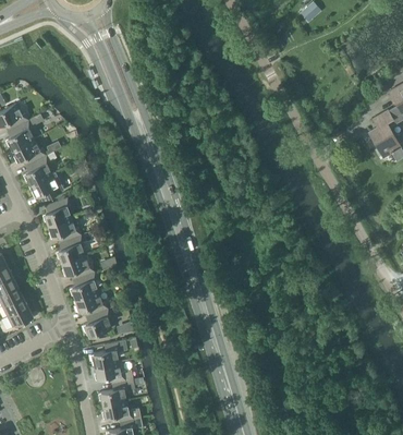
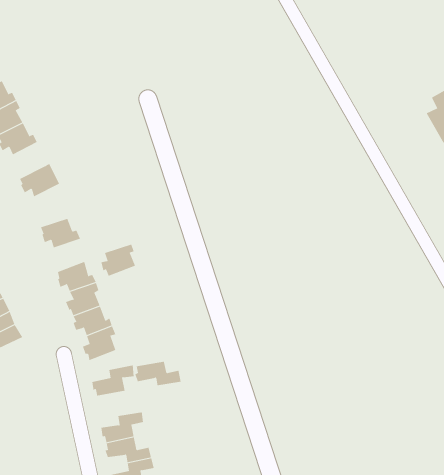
building: [23,156,52,186] -> none
building: [42,198,71,227] -> none
building: [56,237,85,264] -> [100,244,136,276]
building: [94,363,133,384] -> [134,361,182,386]

